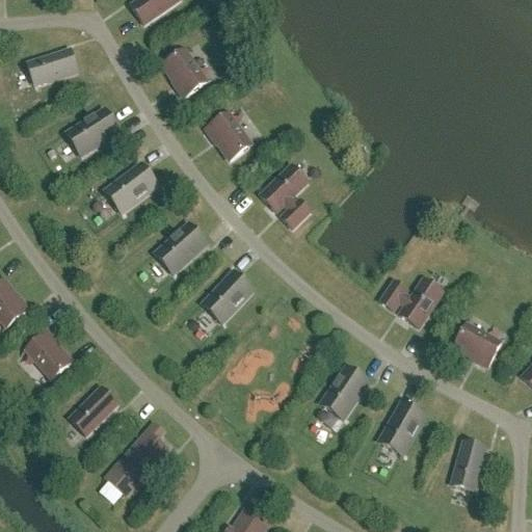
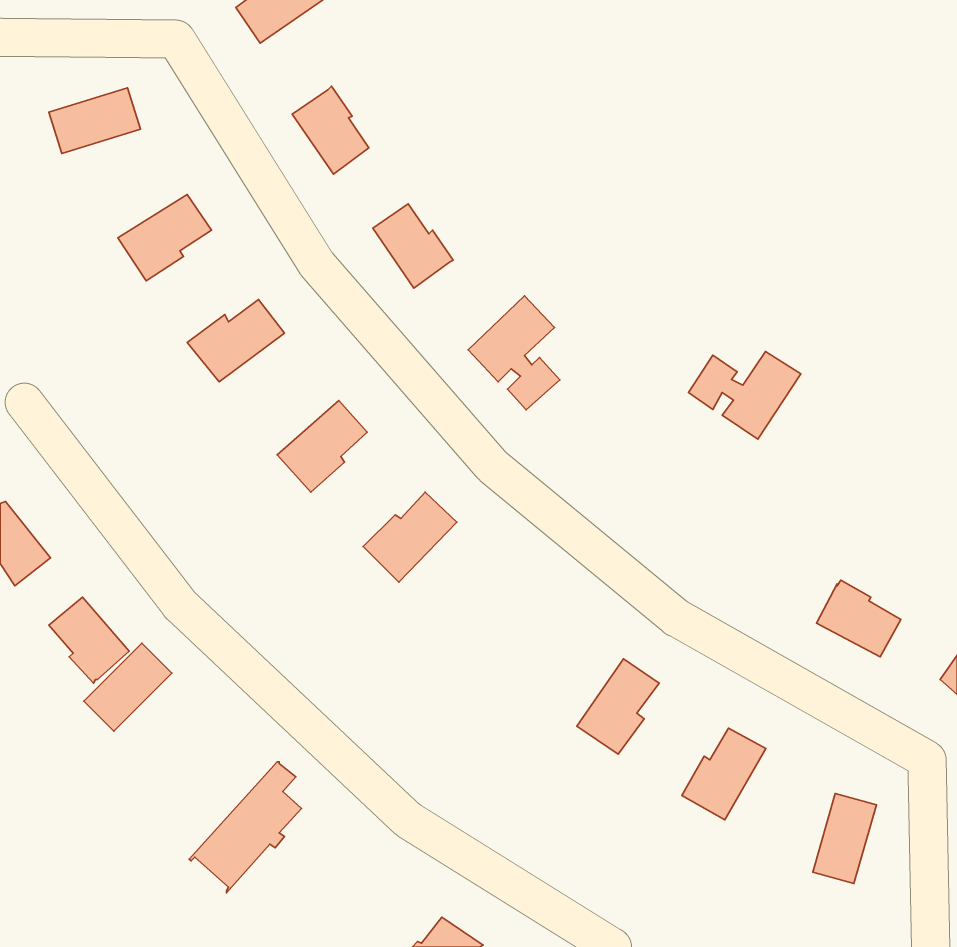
building: [380,278,443,327] -> [689,351,801,439]
building: [69,387,117,435] -> [84,643,172,731]

